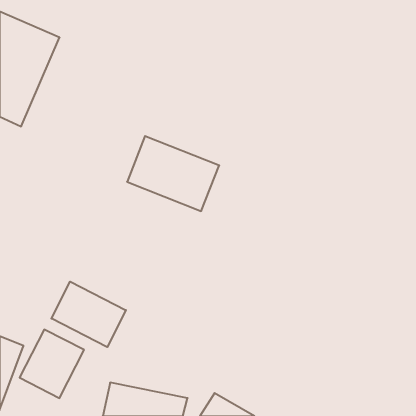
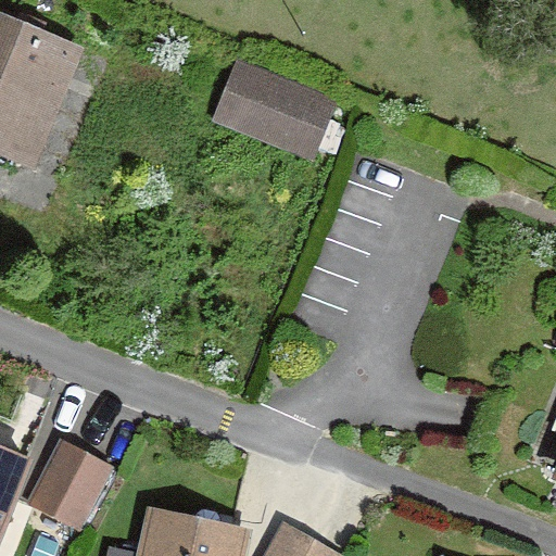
building: [127,136,219,211] -> [213,61,336,161]
building: [51,282,126,347] -> none

